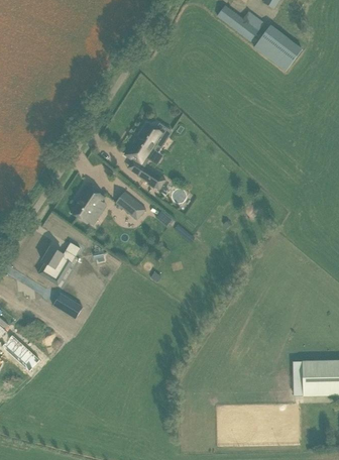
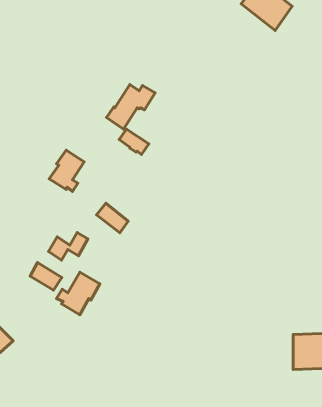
building: [115,192,145,220] -> [96,203,128,233]
building: [42,242,80,268] -> [49,233,88,260]
building: none -> [56,272,100,315]

